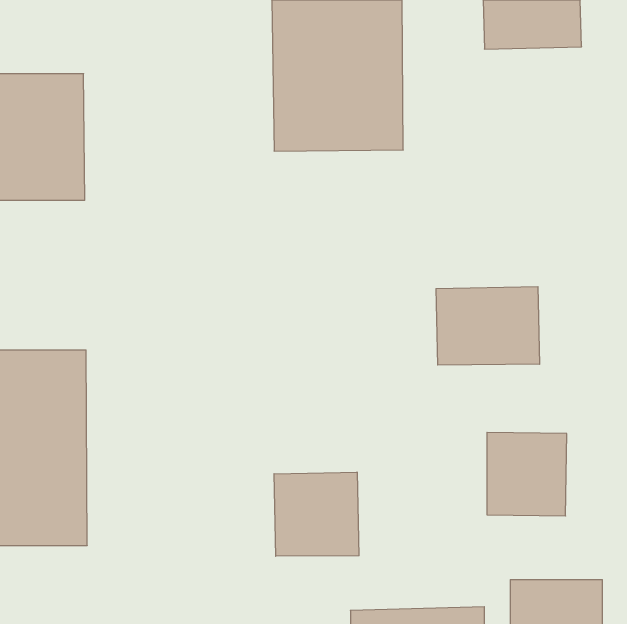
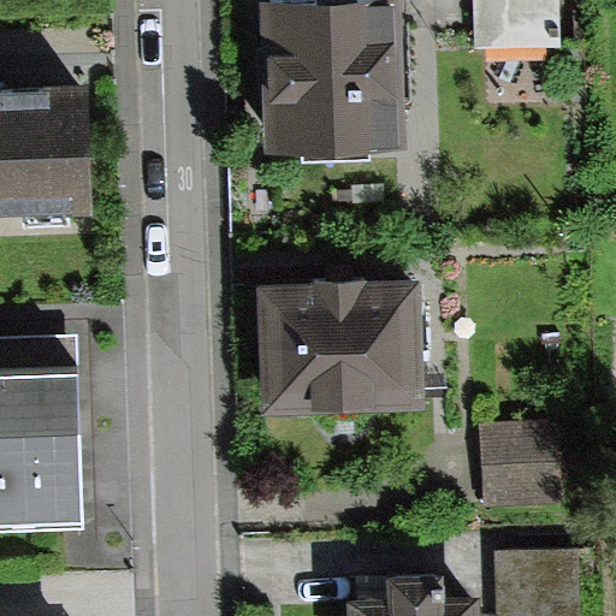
building: none -> [242,266,425,411]
building: [436,287,540,365] -> none
building: [274,472,359,556] -> none

